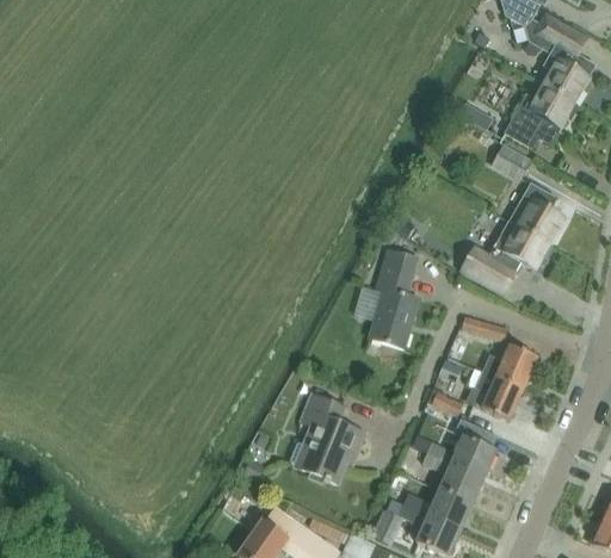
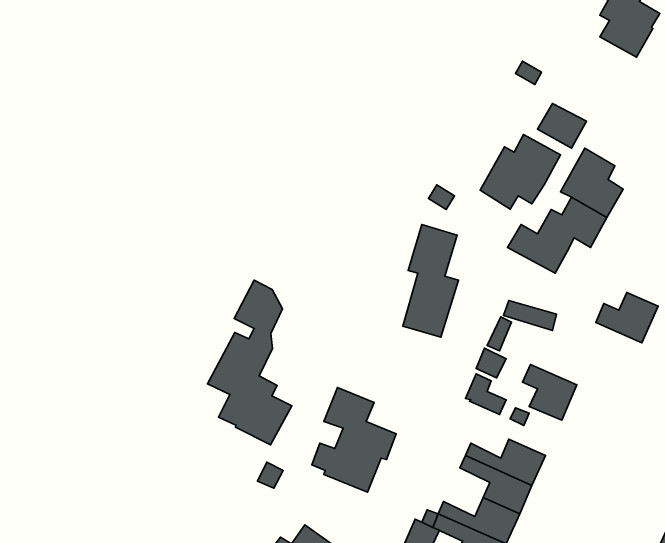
building: [505,83,575,149] -> [480,135,560,209]
building: none -> [208,280,292,445]
building: [482,345,537,389] -> [596,292,658,343]

